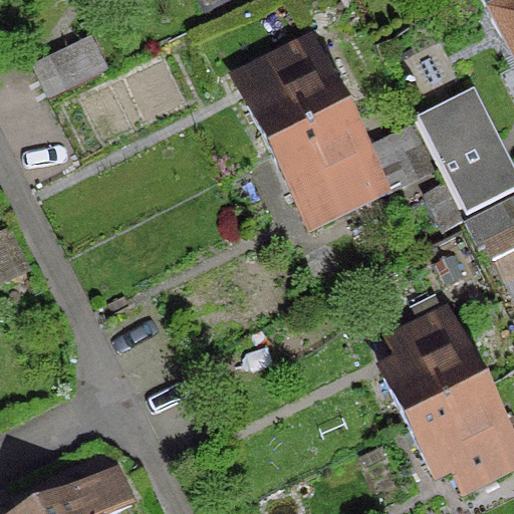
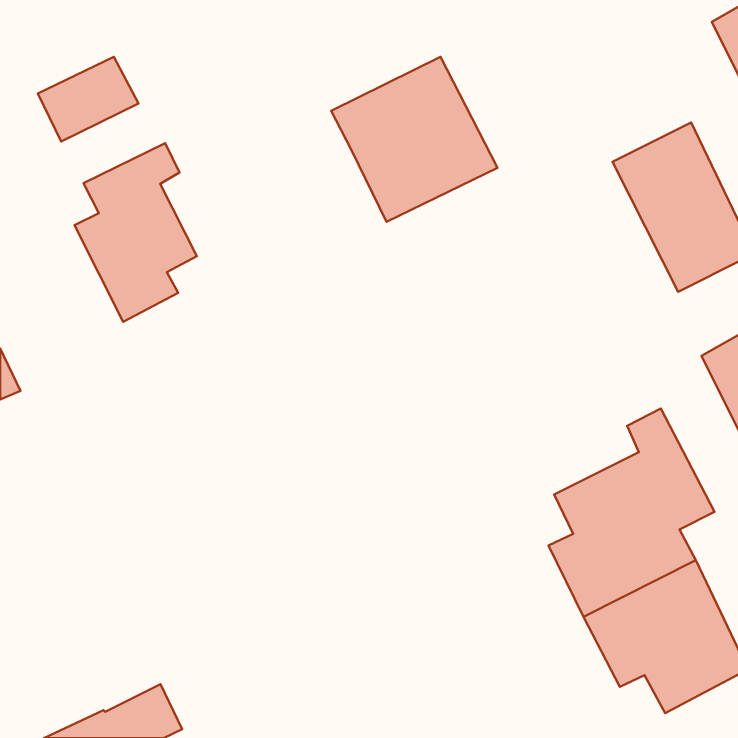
building: none -> [75,143,197,322]
building: [271,115,412,227] -> none

